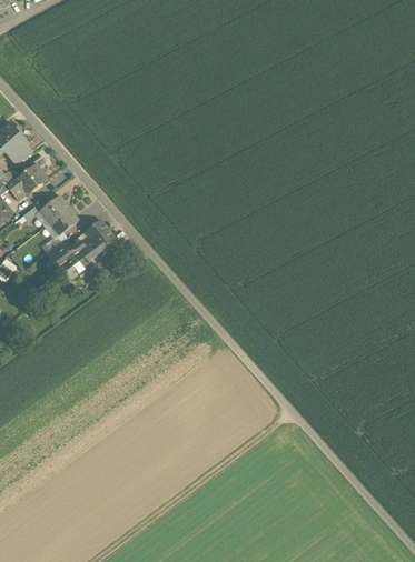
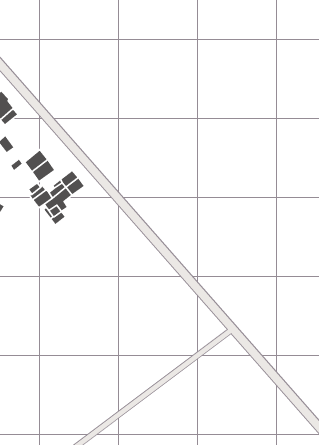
building: [17,162,48,192] -> none

